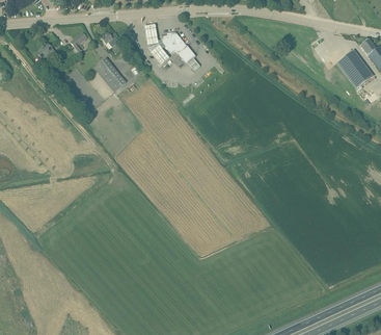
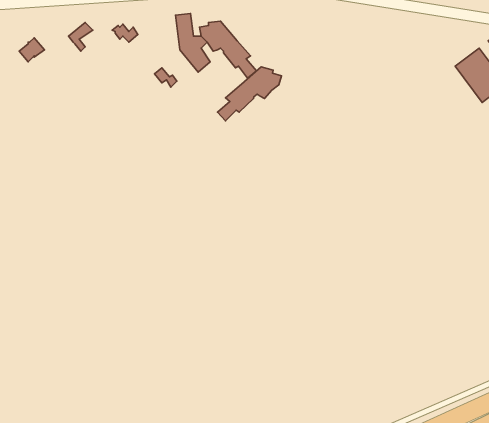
building: [94,58,126,92] -> none
building: none -> [217,67,282,121]

